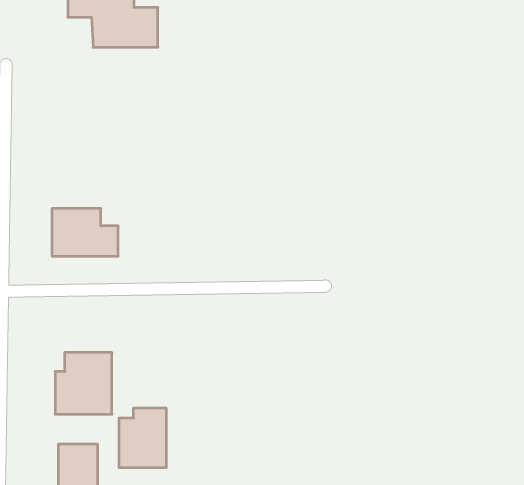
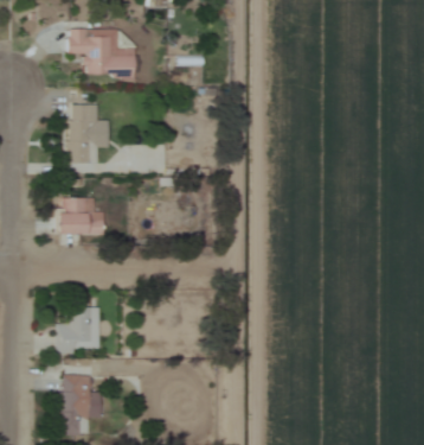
building: none -> [70,103,98,163]
building: [119,408,166,468] -> none

